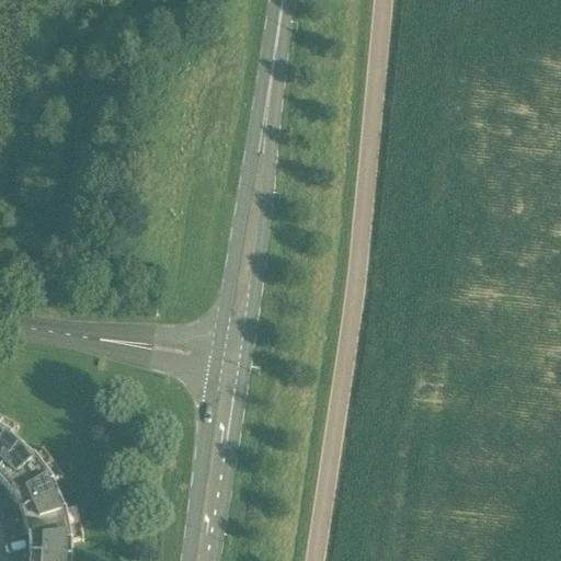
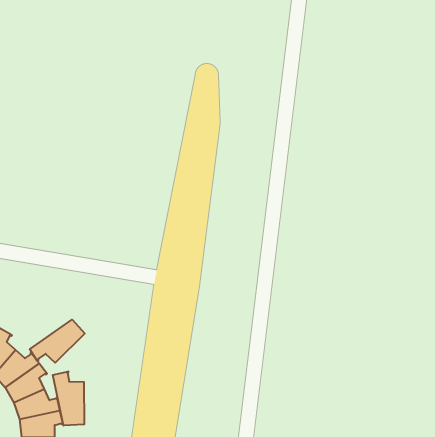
building: none -> [30,320,85,363]
building: none -> [53,371,84,426]

